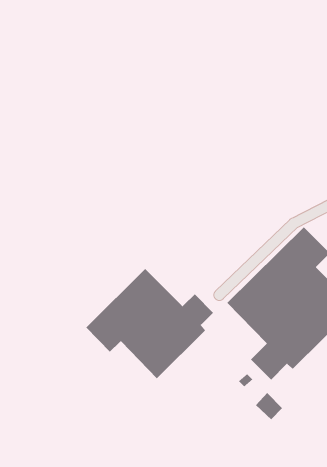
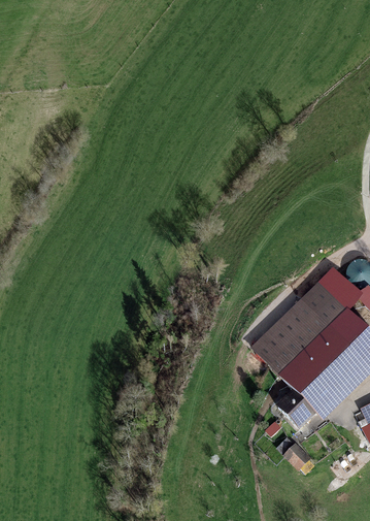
building: [85,268,214,379] -> none

